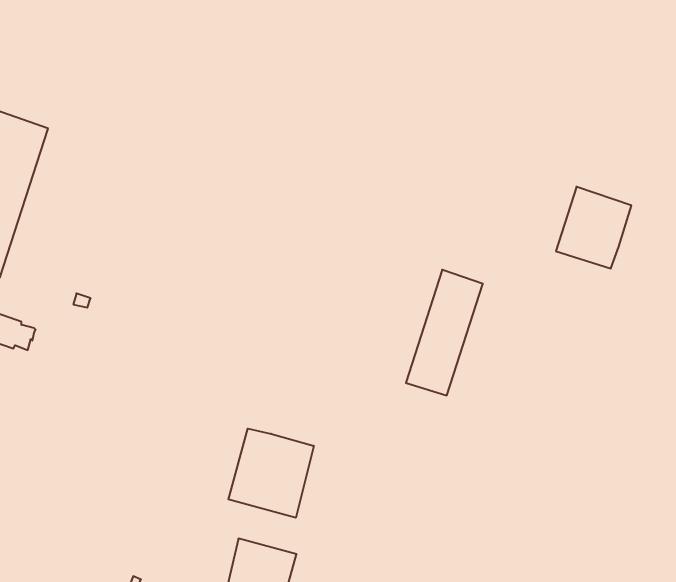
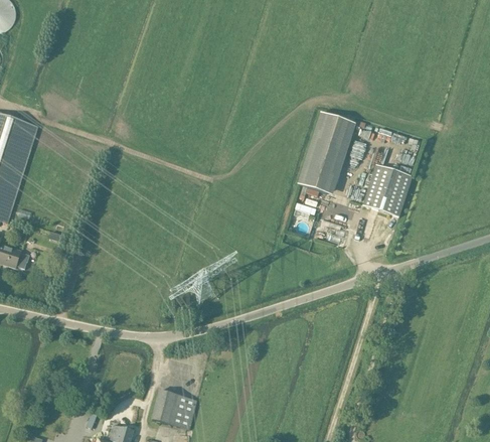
building: [406,270,483,395] -> [299,113,348,193]
building: [228,429,314,518] -> none

